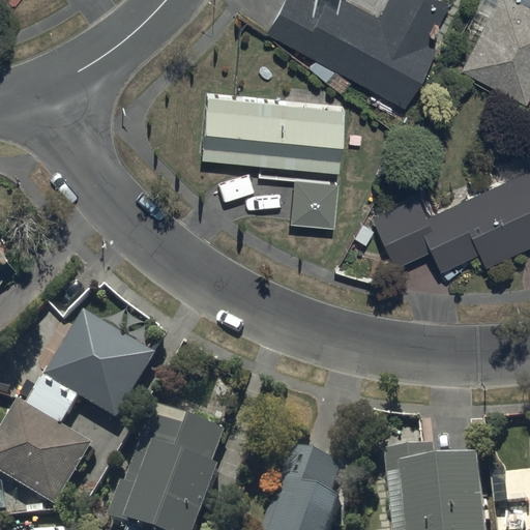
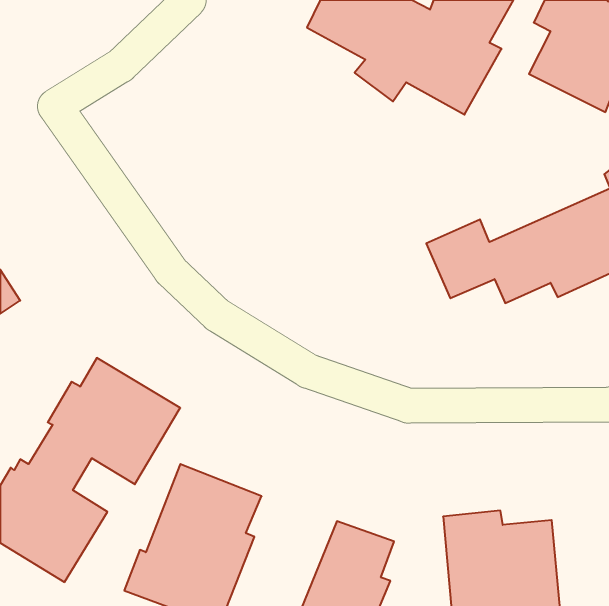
building: [199,94,344,225] -> none

